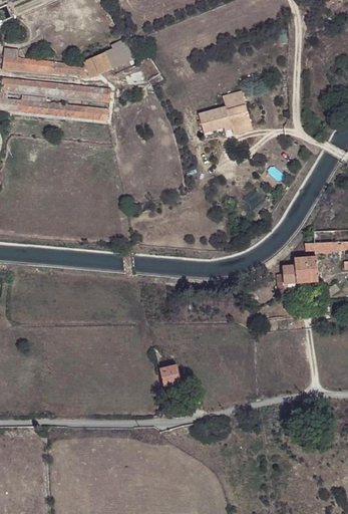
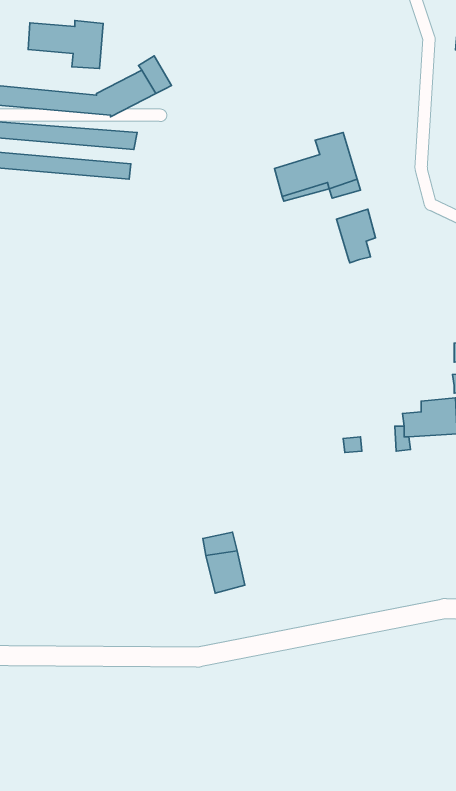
building: none -> [28,21,103,68]
building: none -> [337,209,376,263]

